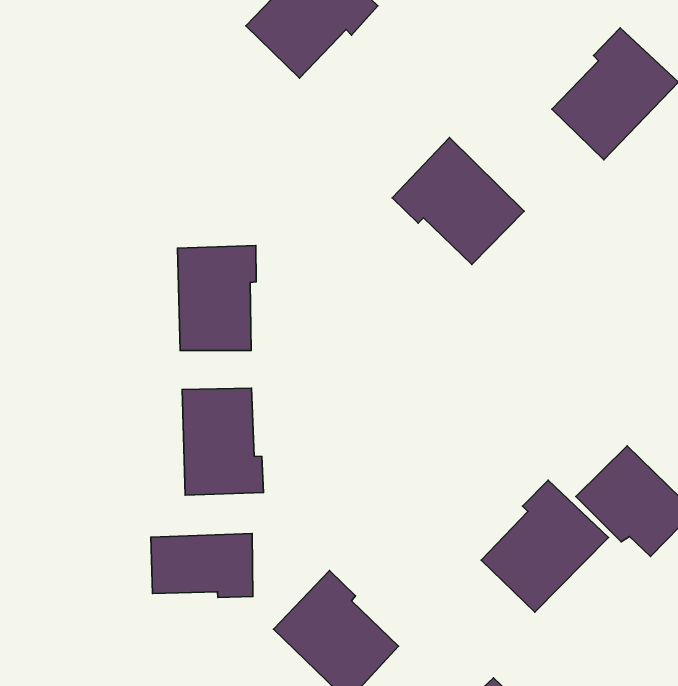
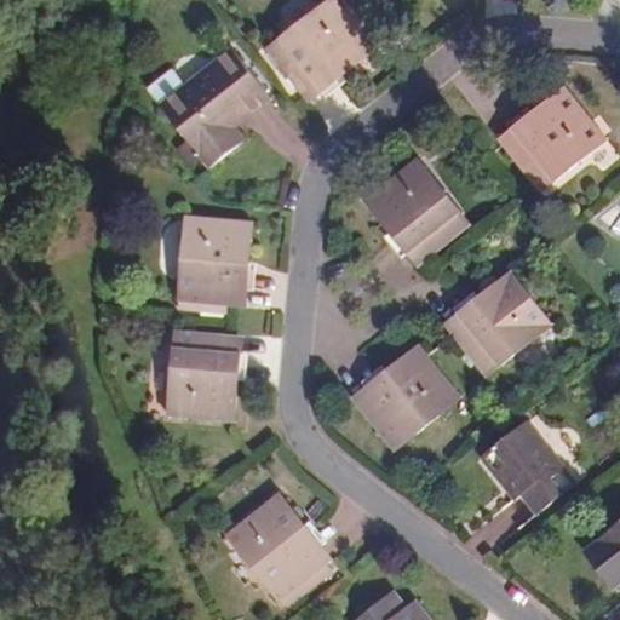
building: none -> [157,47,268,166]
building: none -> [449,271,552,375]
building: [481,480,608,612] -> [355,345,459,449]
building: [151,534,253,598] -> none

